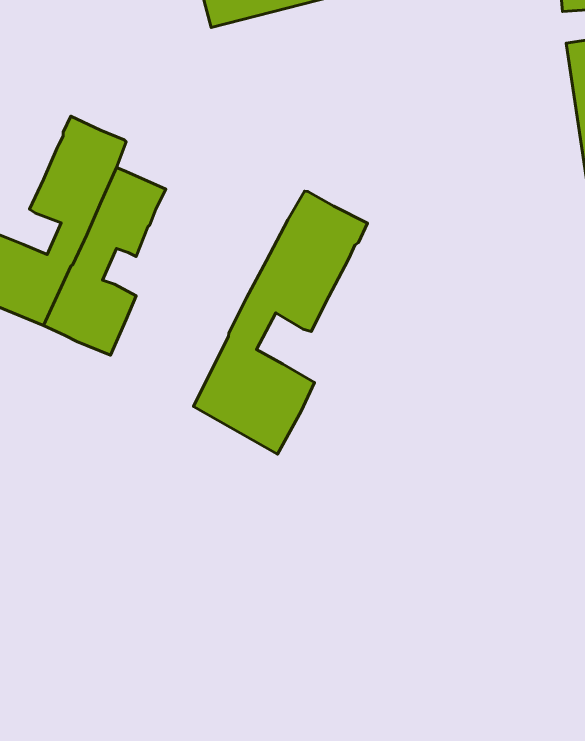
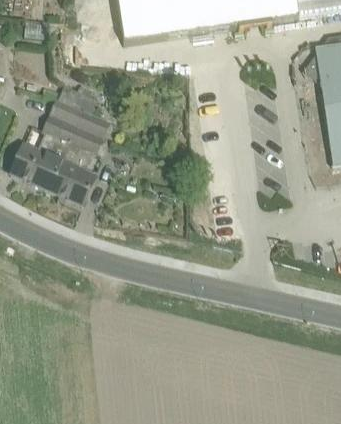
building: [193,191,368,454] -> none

